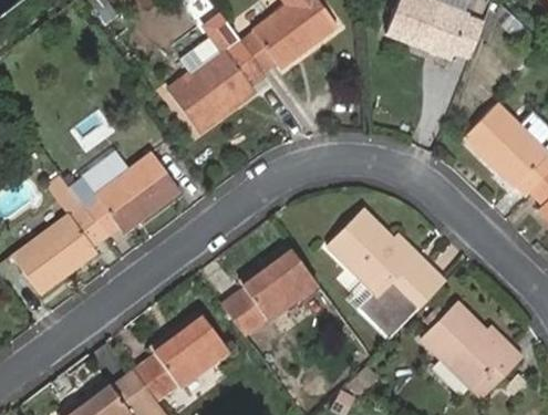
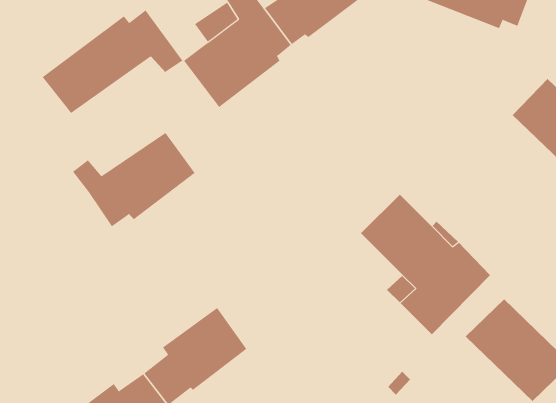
building: none -> [42,10,183,114]
building: [14,208,104,294] -> none
building: [223,245,319,335] -> none

